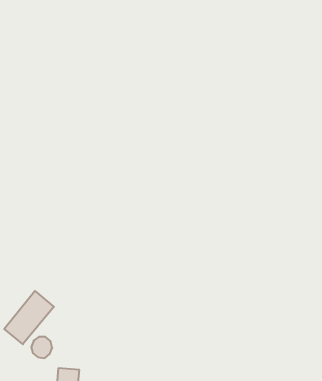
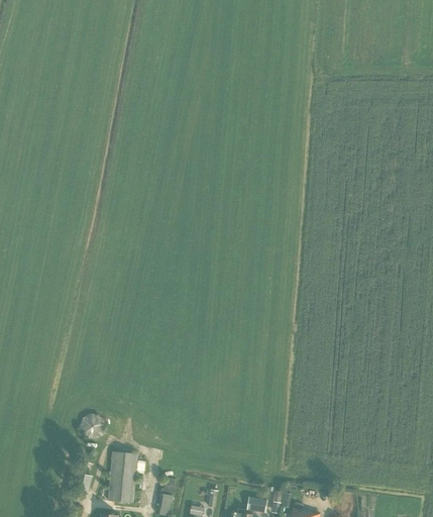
building: [4,291,54,344] -> none

